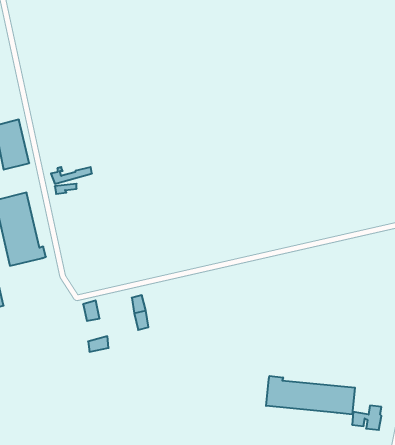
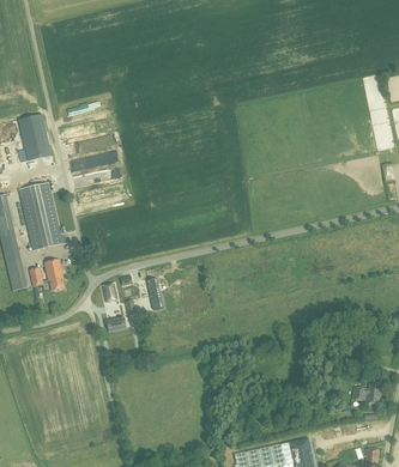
building: none -> [29,257,62,289]
building: [266,376,355,414] -> none

